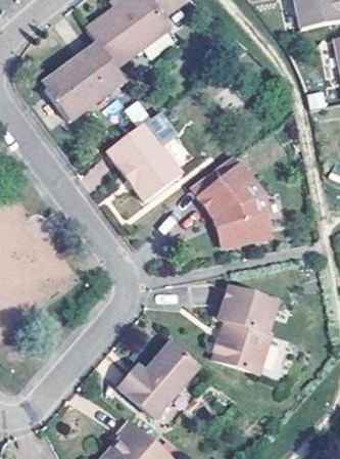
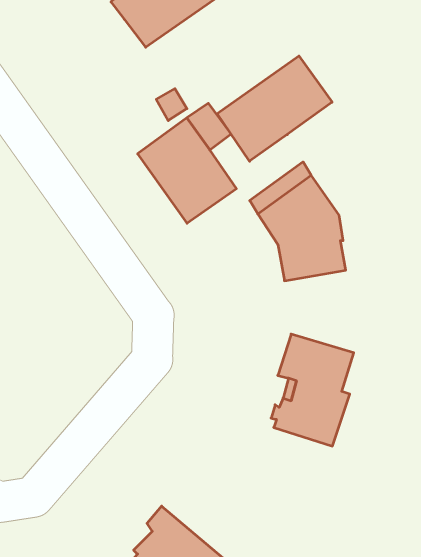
building: [46,45,125,121] -> none
building: none -> [217,56,332,161]
building: [119,341,199,415] -> none

